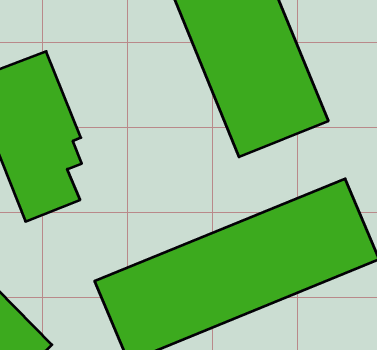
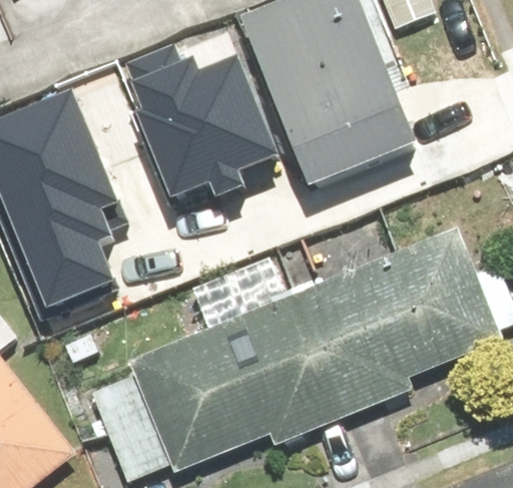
building: none -> [124,43,271,184]

